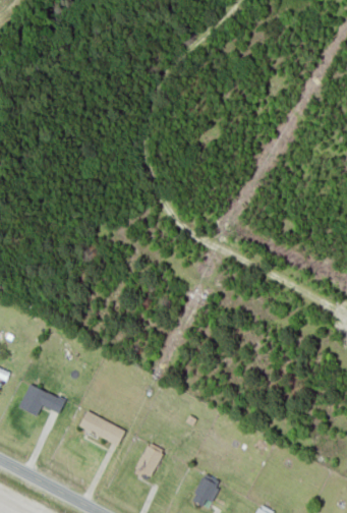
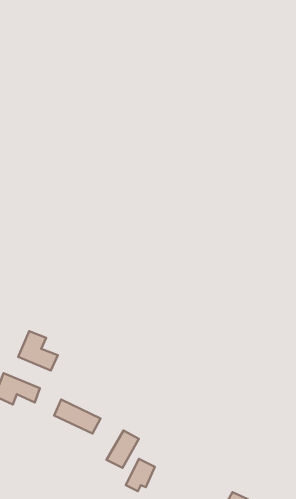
building: none -> [18,331,58,371]
building: [190,474,220,507] -> [126,459,155,491]

